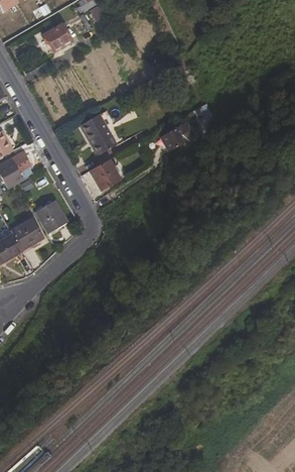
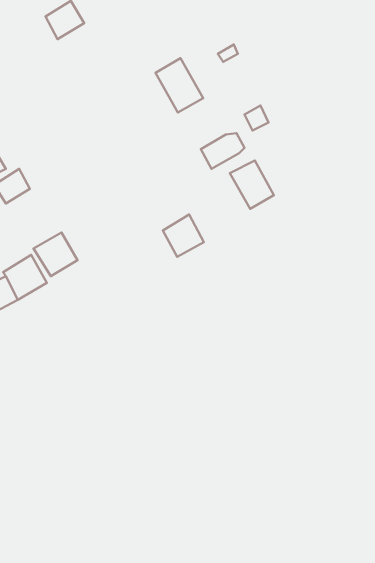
building: [80,114,116,155] -> [155,58,203,113]
building: none -> [230,161,274,209]
building: [89,158,120,191] -> [163,214,204,257]

